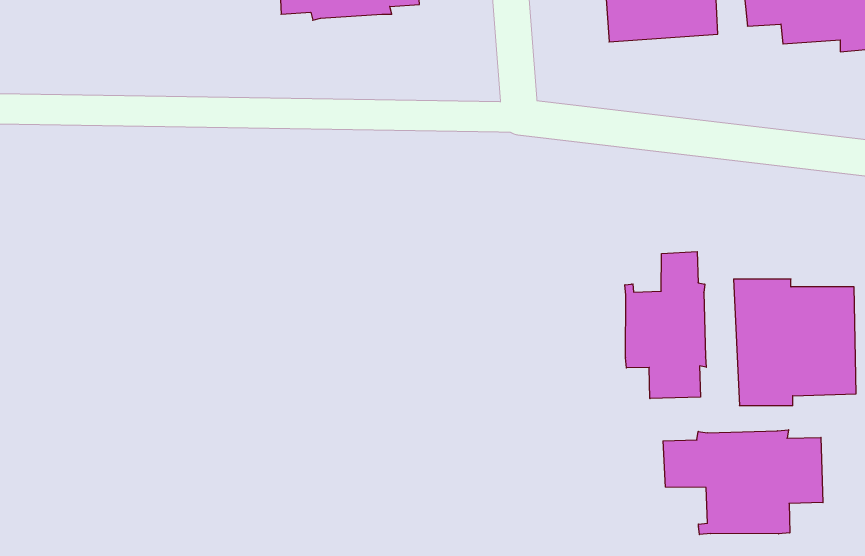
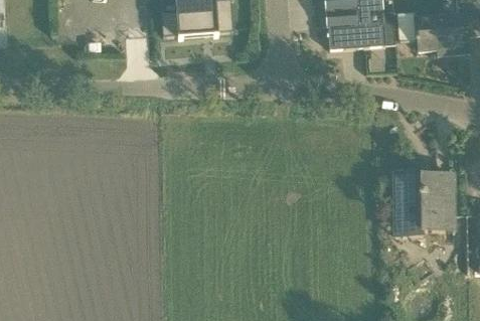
building: [625,252,706,399] -> none
building: [663,430,823,535] -> none

